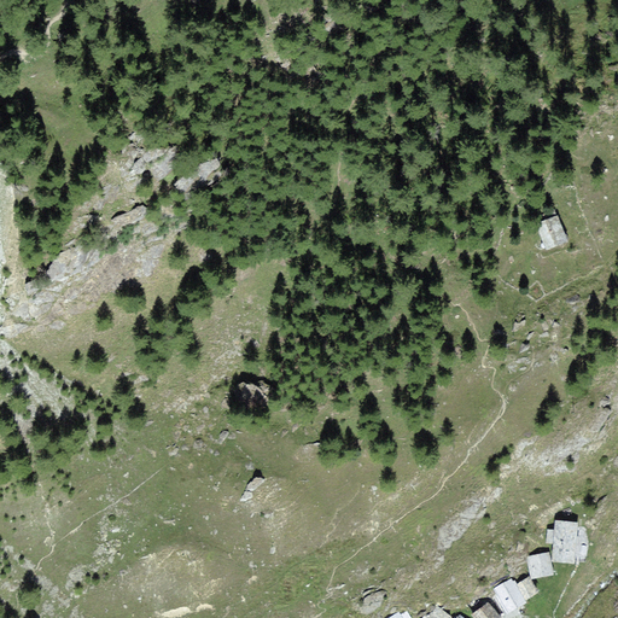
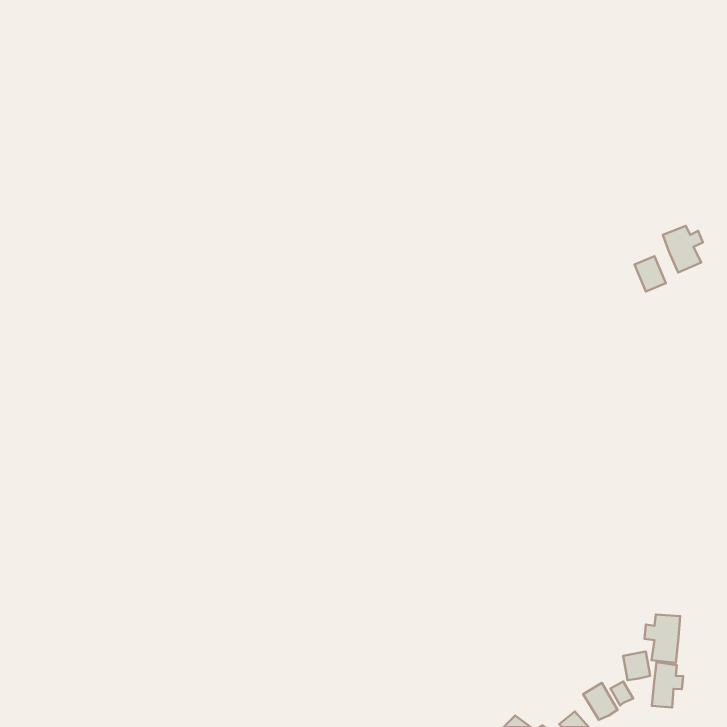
building: none -> [663,226,703,272]
building: none -> [652,662,683,707]

